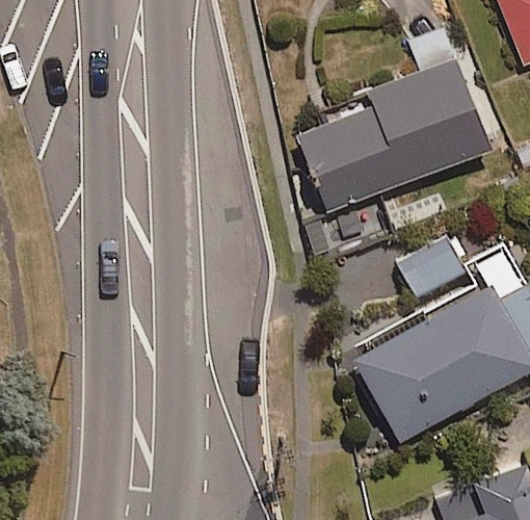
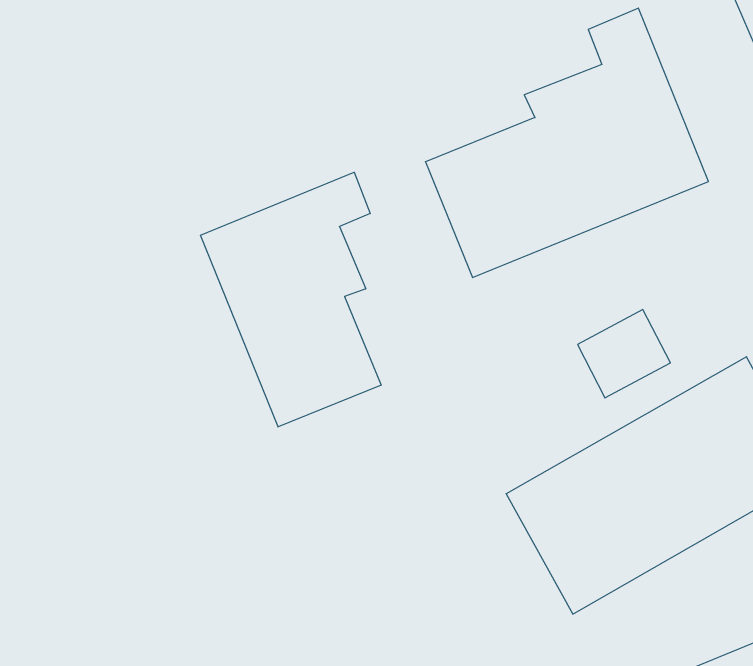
building: none -> [200,172,381,427]

